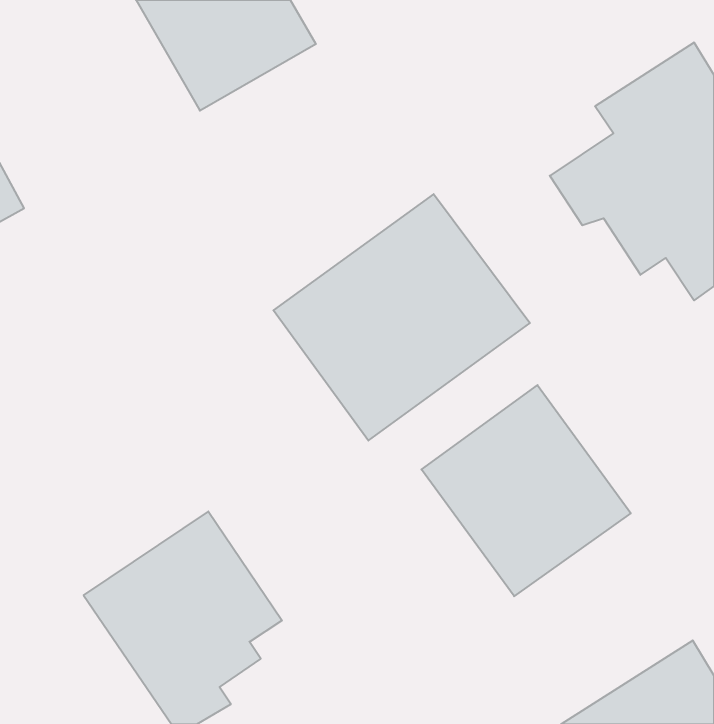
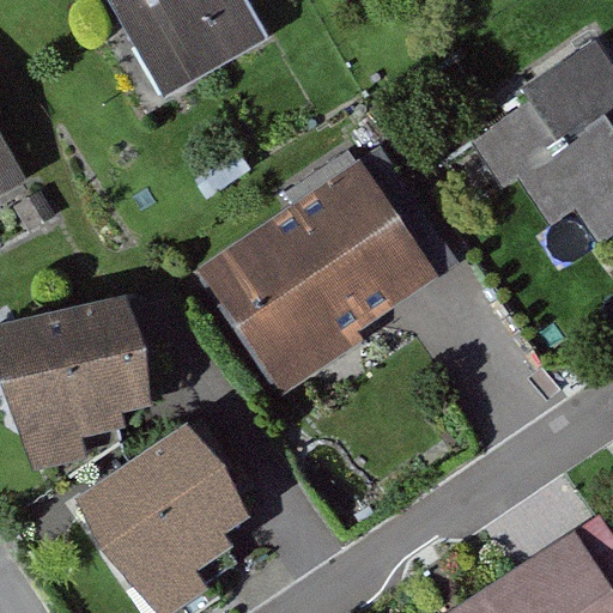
building: none -> [6,298,150,432]
building: [421,385,631,596] -> none

